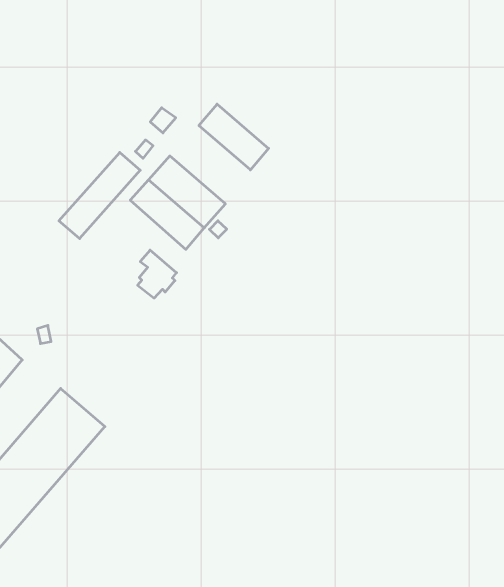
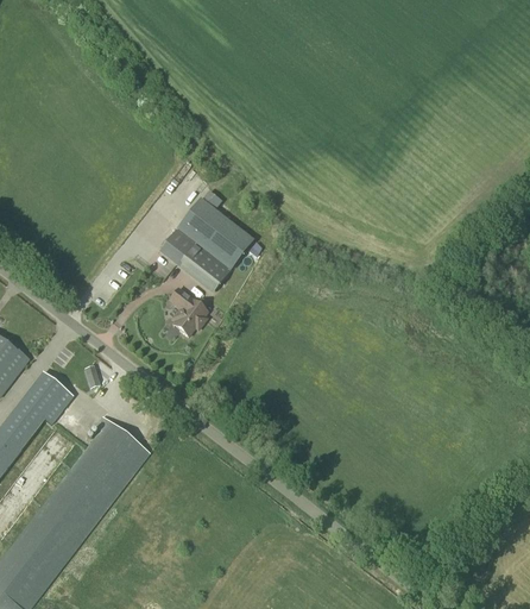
building: [199,104,269,170] -> none
building: [59,152,140,239] -> none

